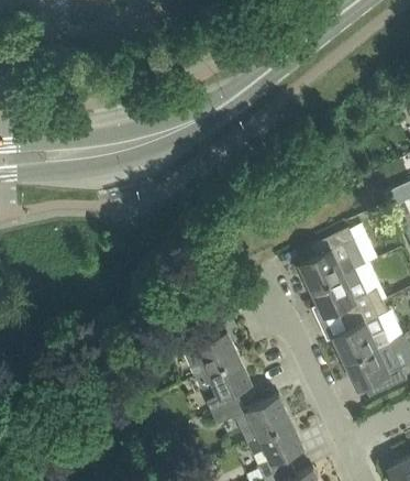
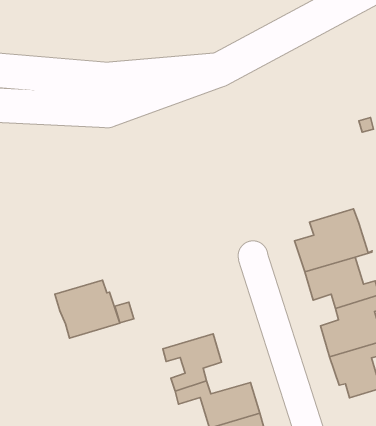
building: [177,319,239,375] -> [55,280,120,338]

